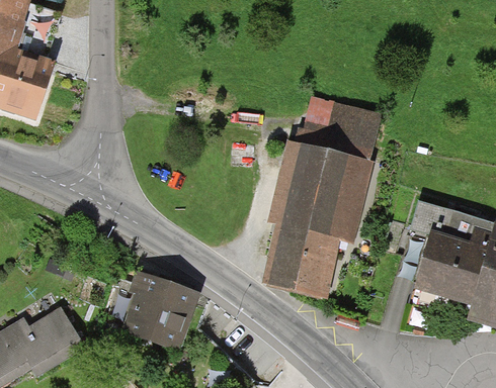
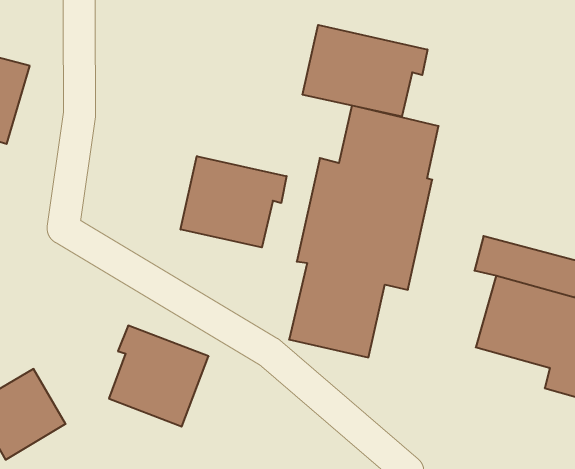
building: none -> [303,25,427,117]
building: none -> [181,156,287,247]

